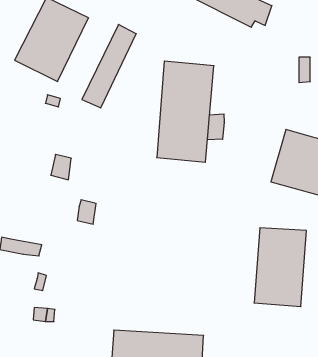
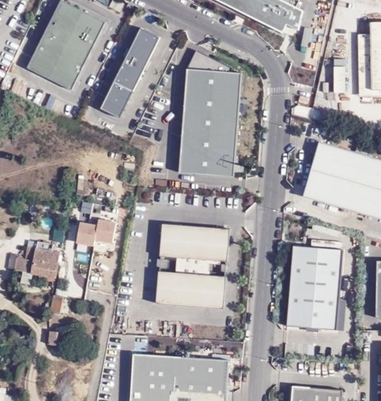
building: none -> [188,49,231,72]
building: [207,114,224,140] -> none
building: [51,154,71,180] -> [75,219,97,246]
building: none -> [154,223,227,308]
building: none -> [24,241,59,264]

